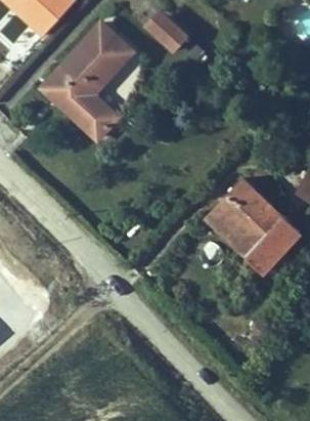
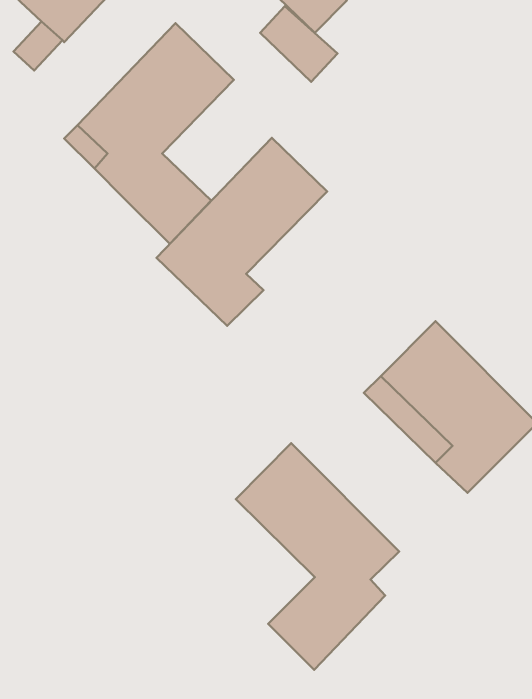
building: none -> [156,138,327,326]
building: none -> [236,443,399,670]

